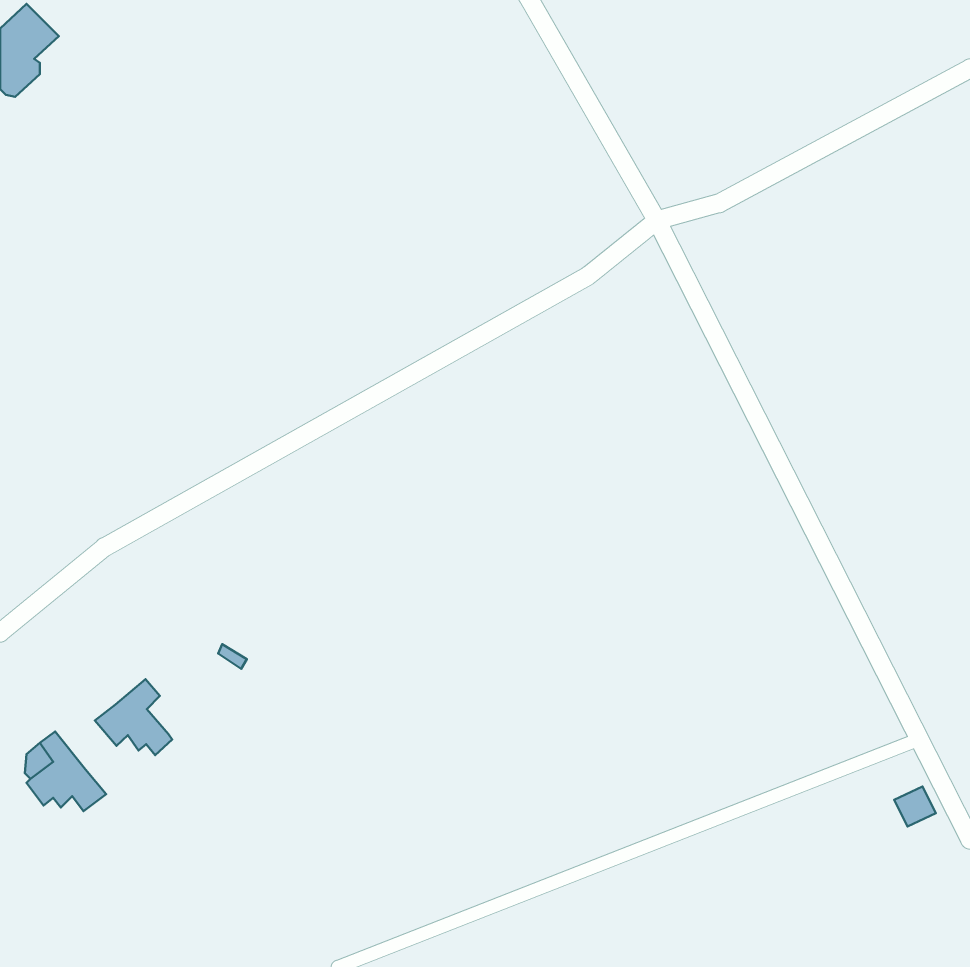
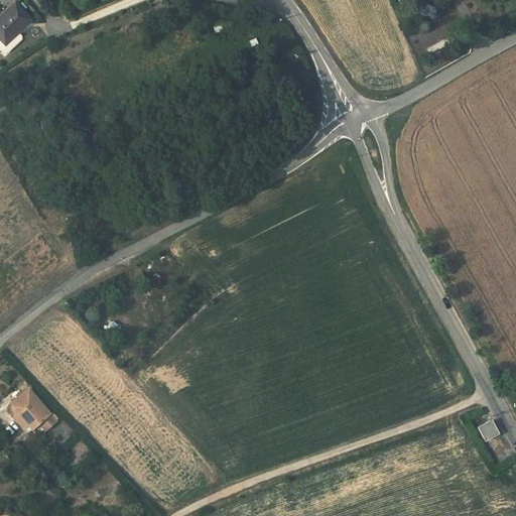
building: [95,679,172,755] -> none

